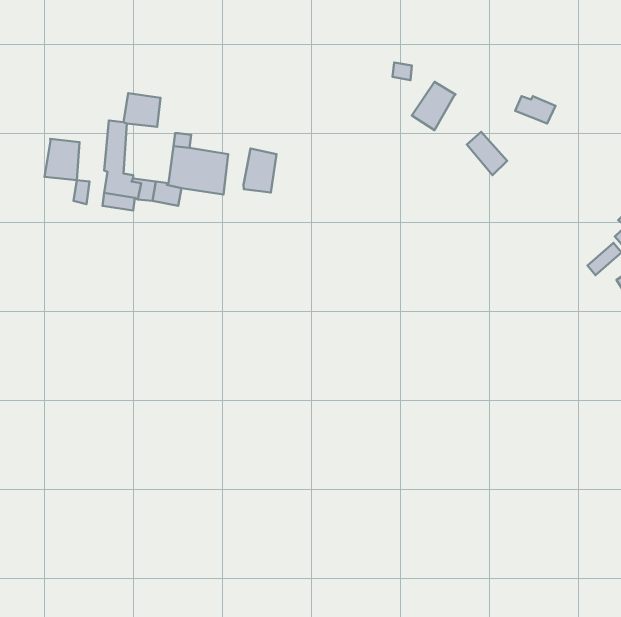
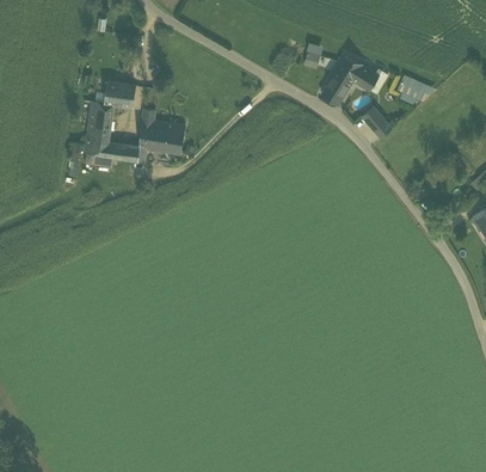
building: none -> [336,59,375,91]
building: [45,139,80,180] -> none
building: [244,149,277,193] -> none

